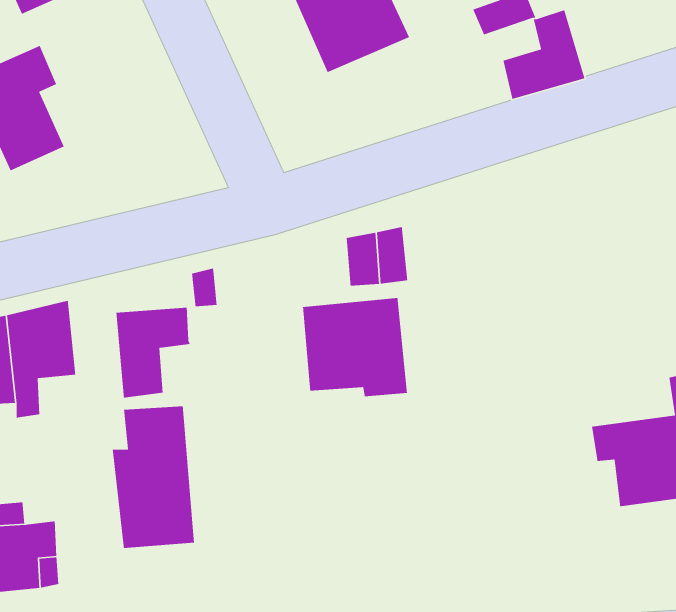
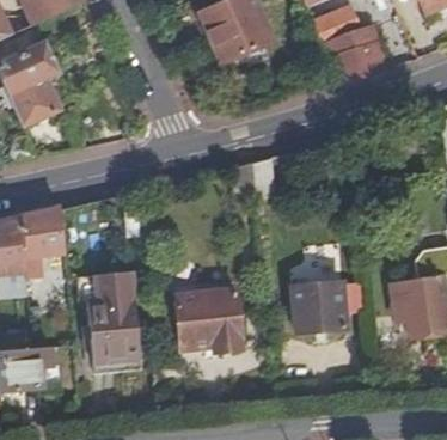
building: [302,297,408,397] -> [174,288,241,352]
building: [115,307,191,399] -> none
building: none -> [290,281,344,332]

